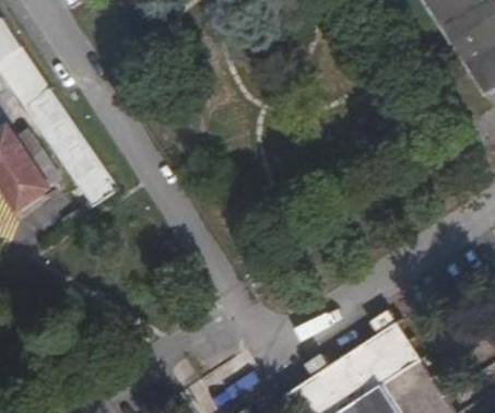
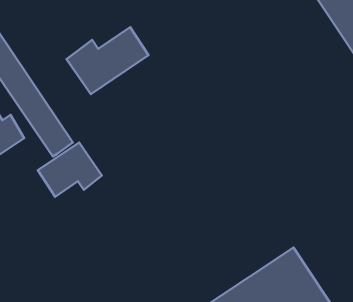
building: none -> [66,27,148,94]
building: none -> [38,142,102,197]

